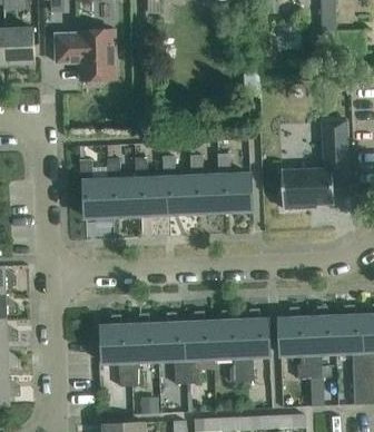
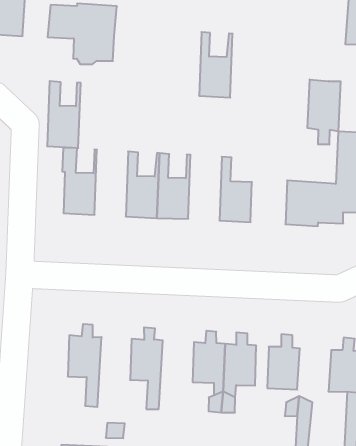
building: none -> [307,79,341,145]
building: [193,154,224,212] -> [199,32,233,98]
building: [109,157,140,216] -> [47,81,81,148]
building: [306,305,335,354] -> none
building: [184,311,214,383] -> none
building: [129,313,158,386] -> none

